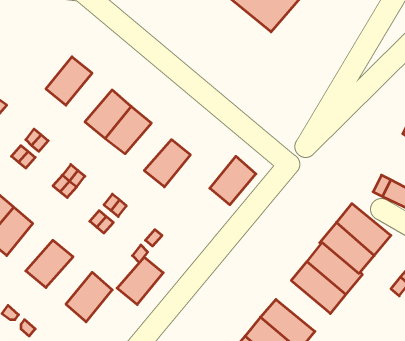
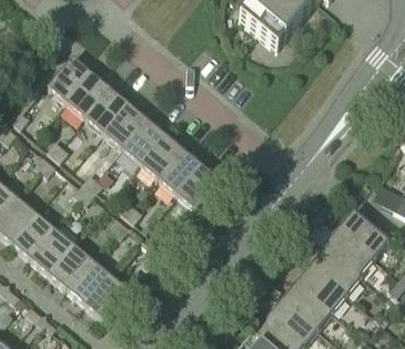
building: none -> [47,57,90,102]
building: none -> [84,88,128,133]
building: none -> [140,134,183,178]
building: [210,156,256,205] -> [176,164,220,209]
building: none -> [29,228,72,273]
building: [117,257,163,305] -> [65,259,109,304]
building: none -> [281,281,332,329]

